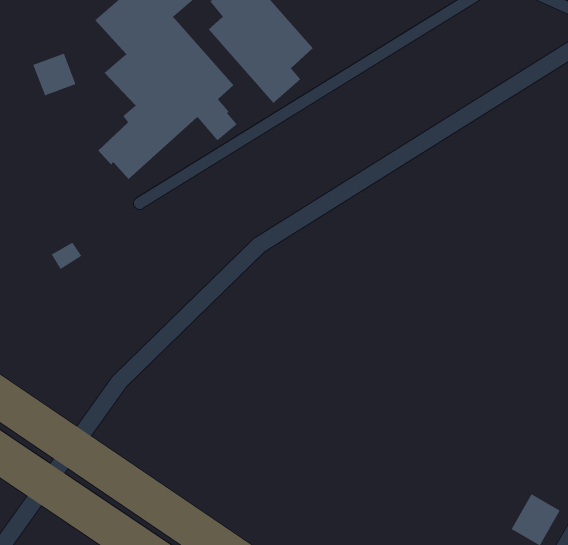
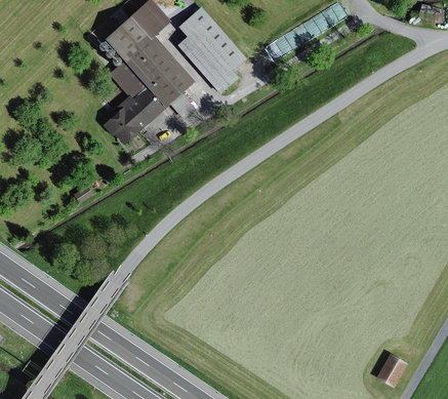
building: [33,53,76,96] -> none

